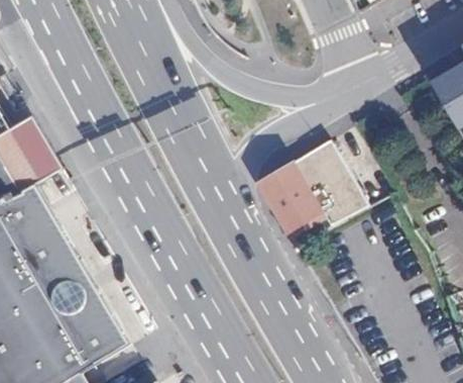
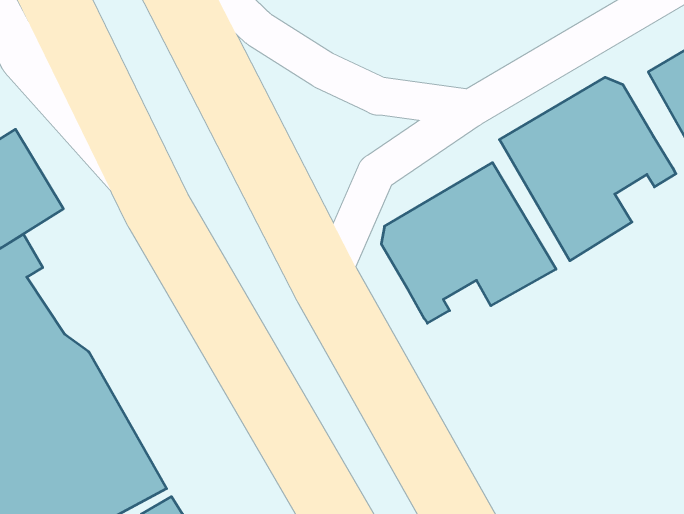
building: none -> [499,77,676,261]

